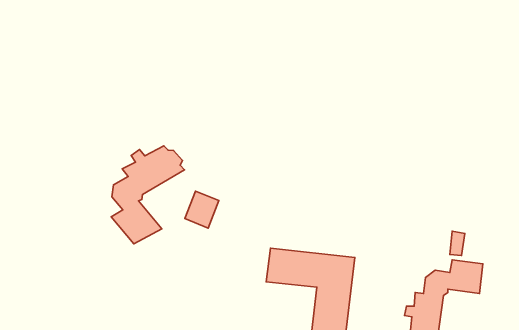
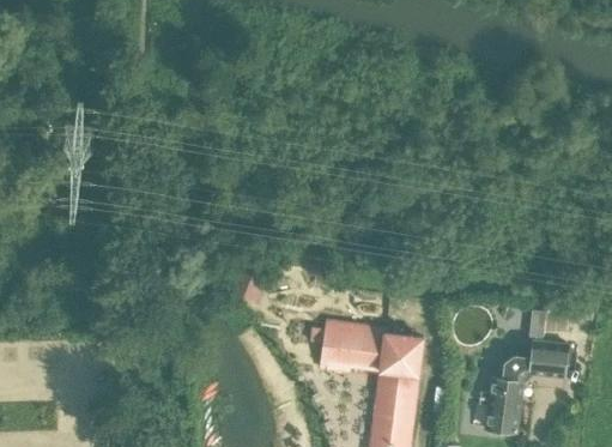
building: [111,146,184,244] -> none

